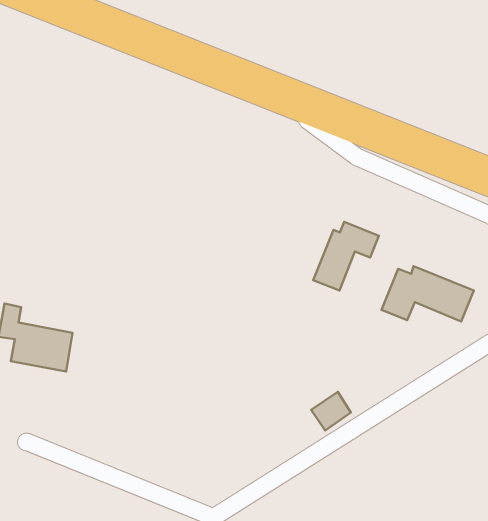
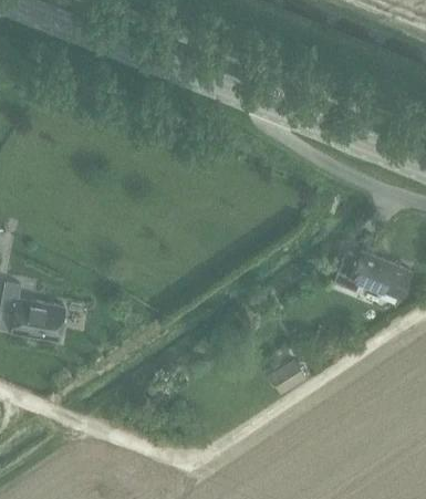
building: [313,222,379,290] -> none

